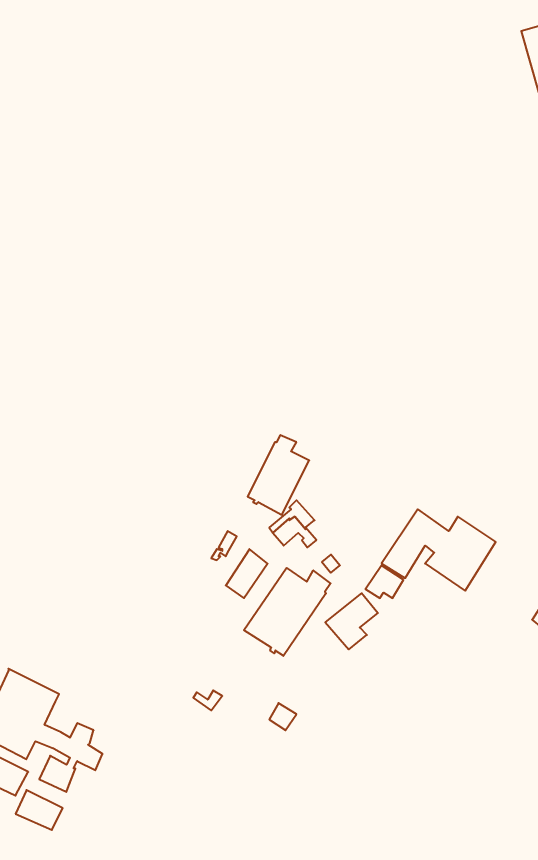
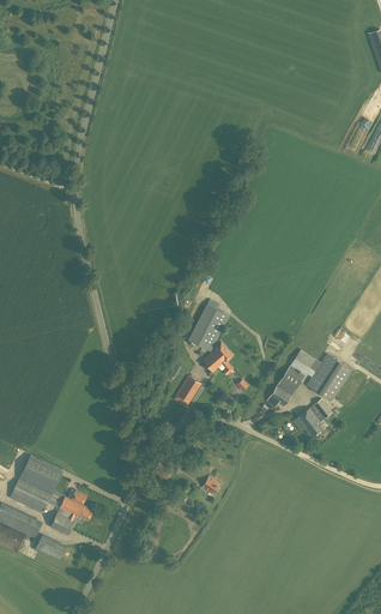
building: [244,568,331,656] -> none
building: [325,593,378,649] -> [296,399,331,437]

